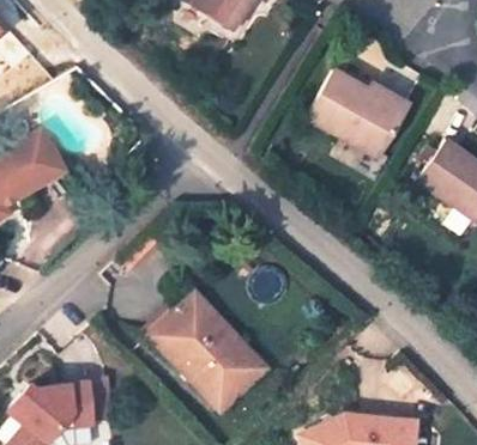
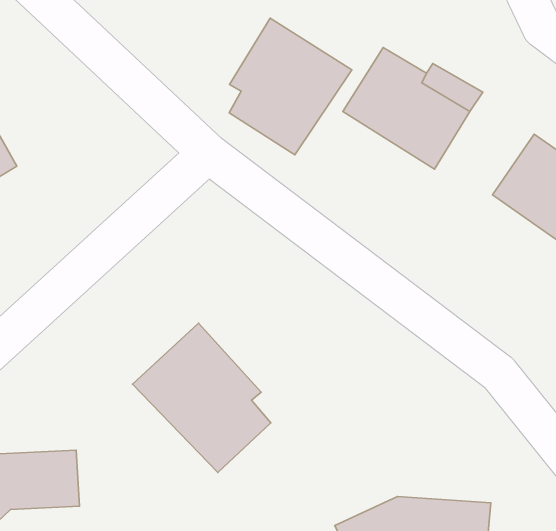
building: none -> [229,18,352,155]
building: [212,335,268,404] -> none

